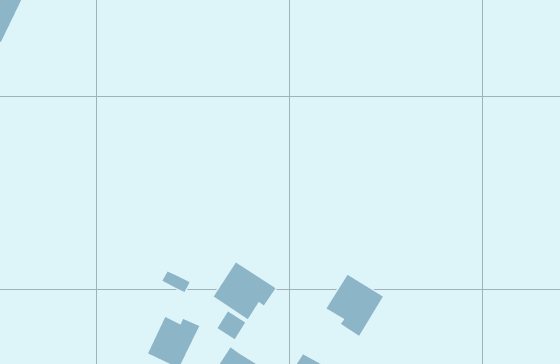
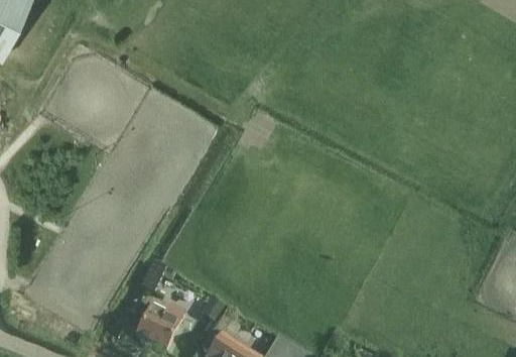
building: [213,262,277,320] -> none
building: [325,274,384,337] -> none

